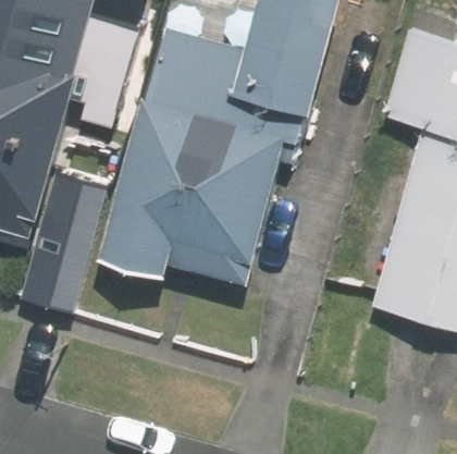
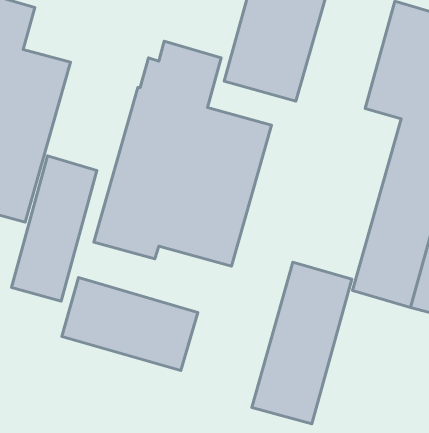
building: none -> [252,262,352,424]
building: none -> [62,277,198,370]

